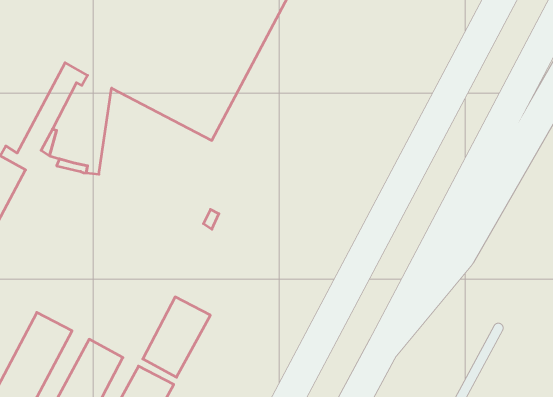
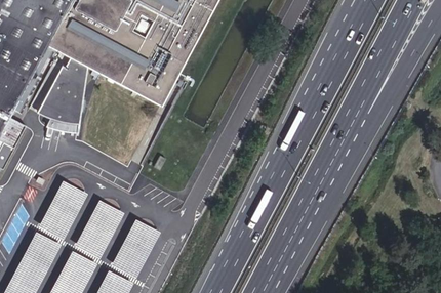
building: none -> [37,178,86,237]
building: none -> [75,198,124,256]

